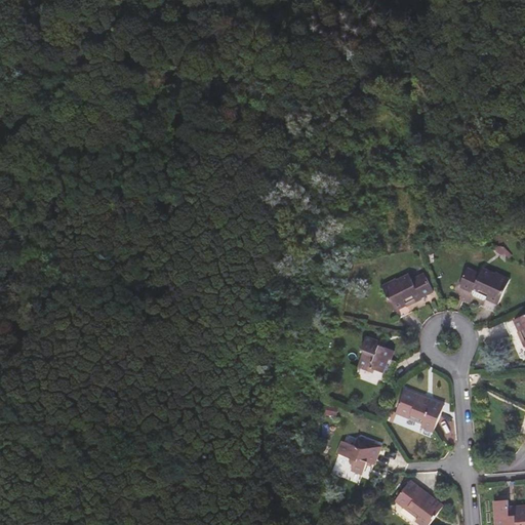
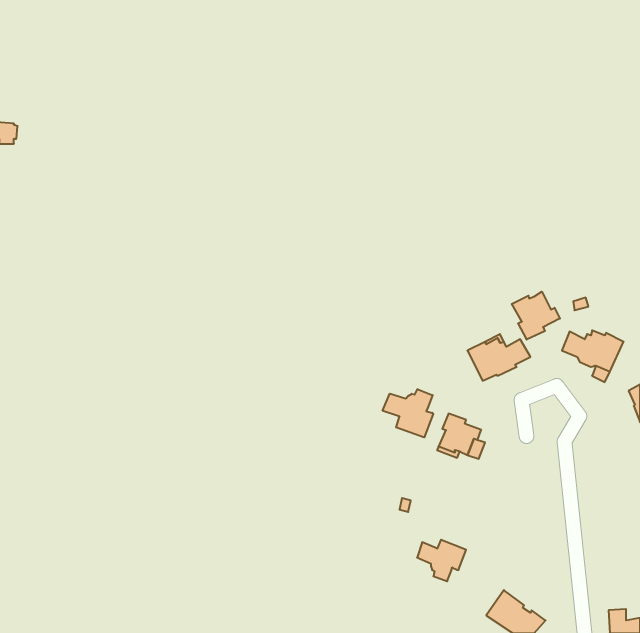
building: none -> [512,292,560,340]
building: none -> [383,389,433,437]
building: [396,389,443,431] -> none

